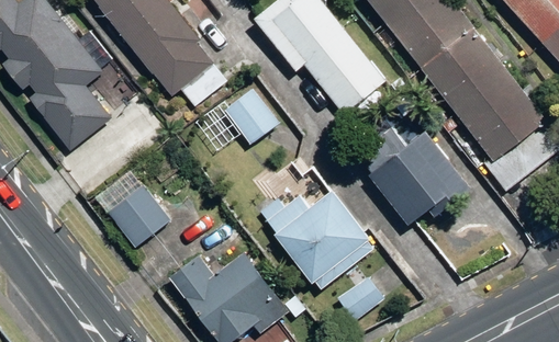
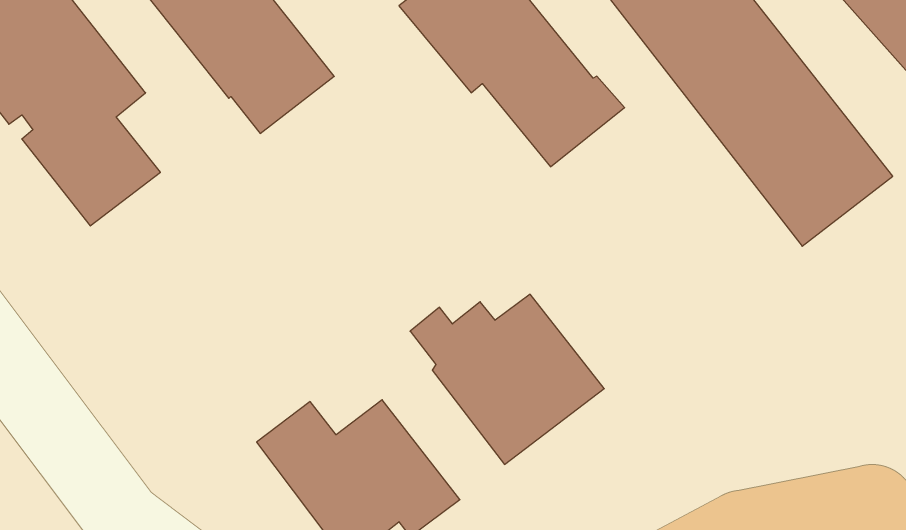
building: [223,87,280,145] -> none
building: [369,132,470,225] -> none
building: [107,185,170,249] -> none

